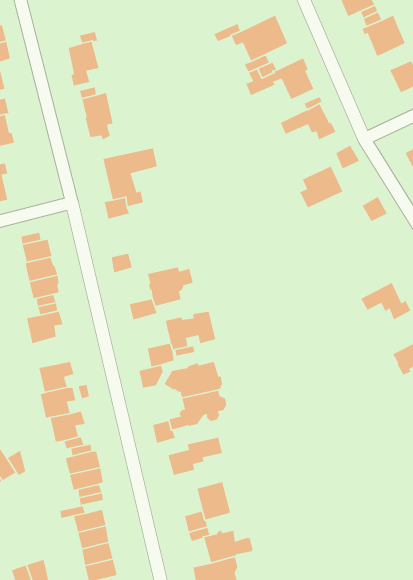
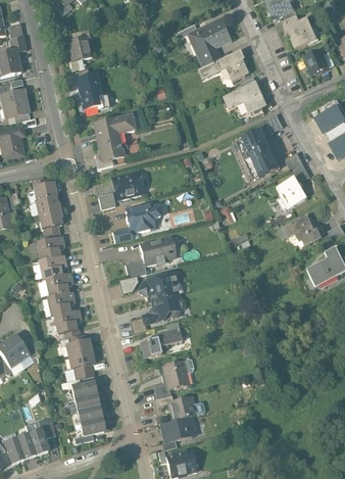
building: none -> [244,148,279,176]
building: none -> [112,172,143,198]
building: none -> [276,176,306,209]
building: none -> [39,255,65,279]

